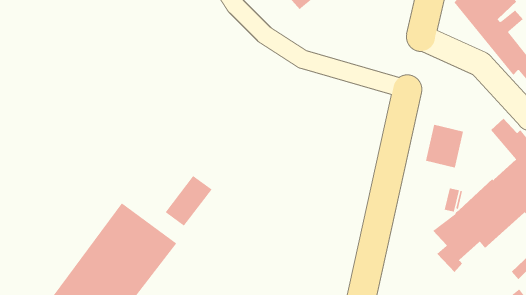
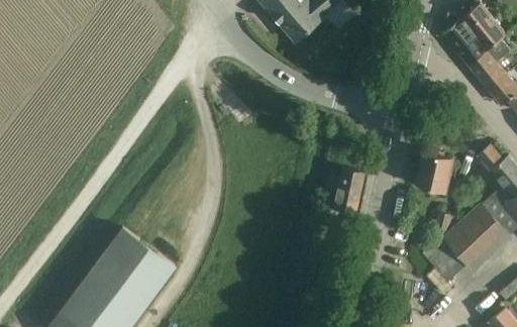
building: none -> [326,169,366,215]
building: [165,175,212,227] -> none

